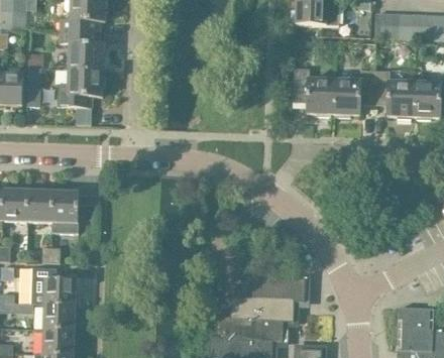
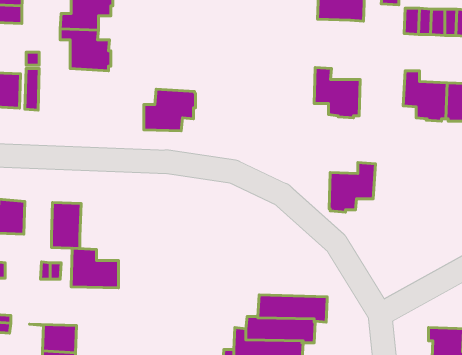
building: [58,69,105,107] -> [144,89,196,131]
building: [334,70,376,115] -> [329,163,375,212]
building: [26,191,52,222] -> none
building: [31,268,75,305] -> [71,248,118,288]

